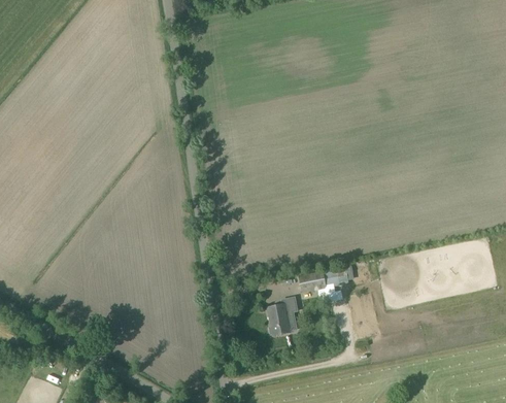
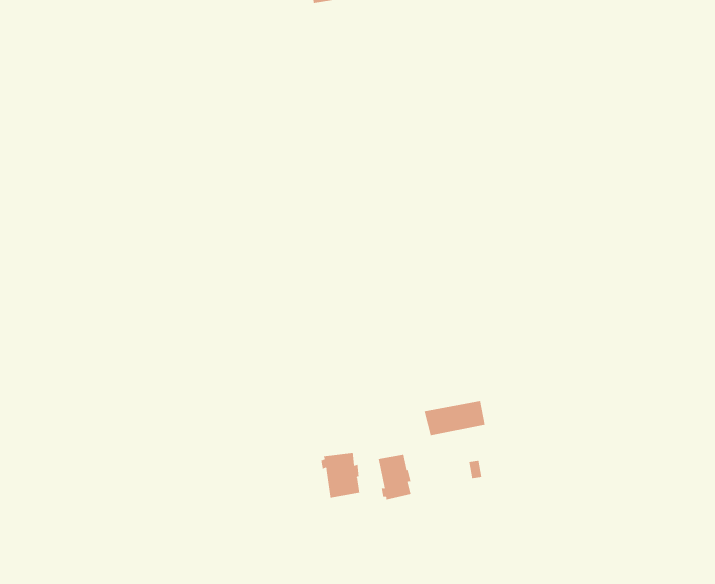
building: none -> [321,452,360,498]

